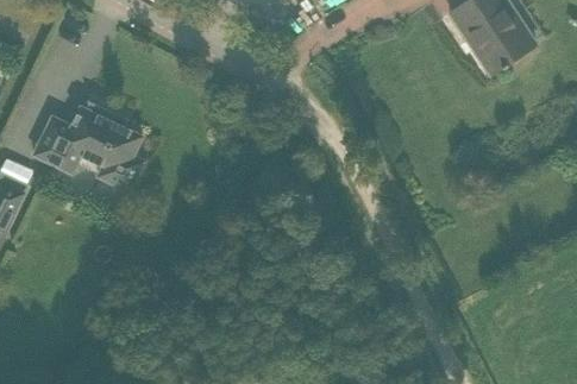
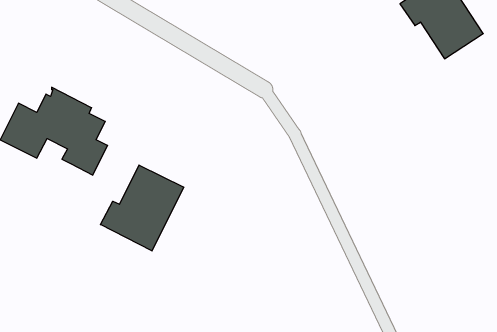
building: none -> [100,165,184,251]

